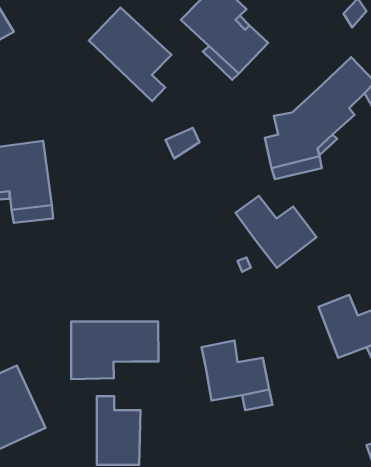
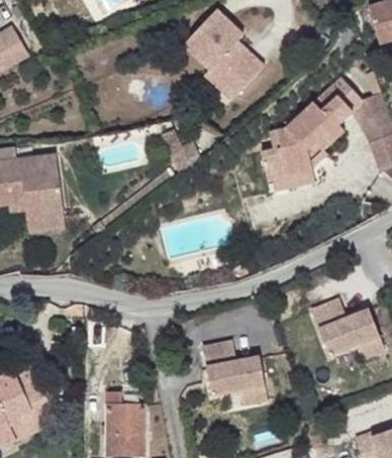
building: [89,7,172,101] -> none
building: [235,196,316,268] -> none
building: [71,322,159,379] -> none

